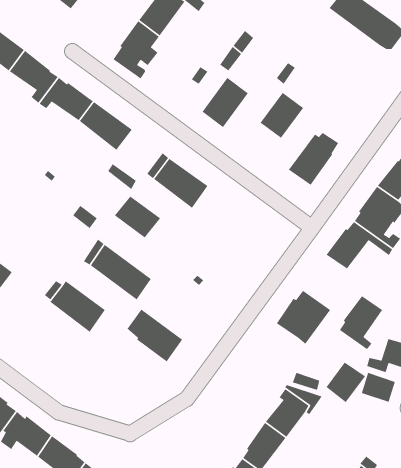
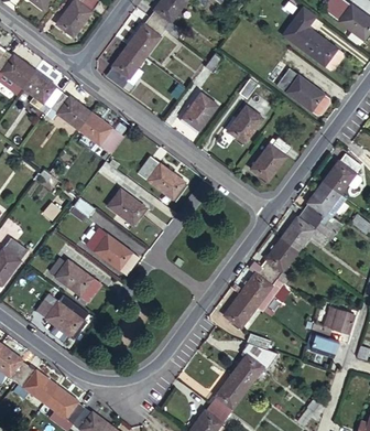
building: none -> [278,68,325,111]
building: [339,295,383,350] -> [262,237,298,282]
building: [126,308,183,362] -> [37,292,84,336]
building: [326,361,366,403] -> [225,293,258,327]

